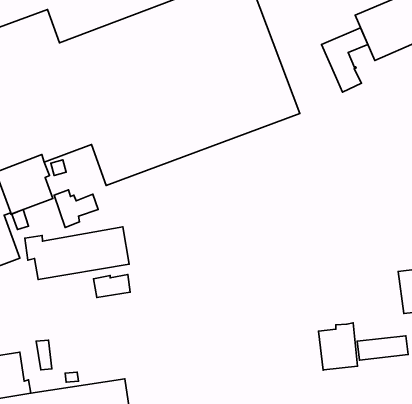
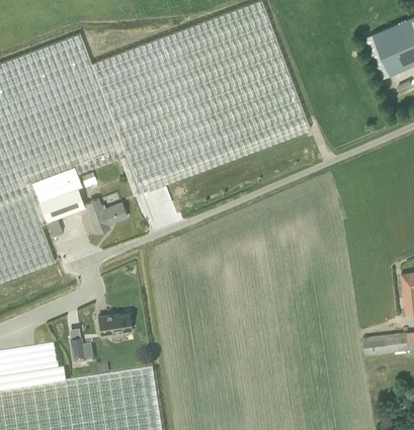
building: [322,28,368,92] -> none
building: [25,227,129,279] -> none
building: [94,274,130,298] -> [98,313,132,334]
building: [319,323,358,370] -> none

